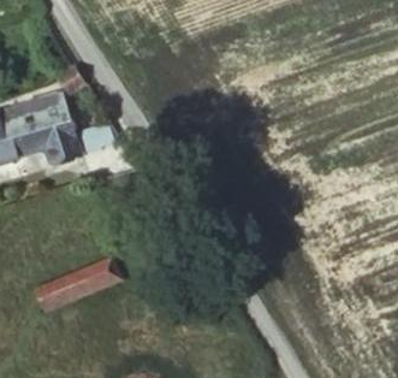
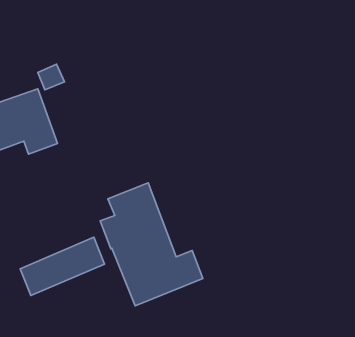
building: none -> [100,183,203,306]

